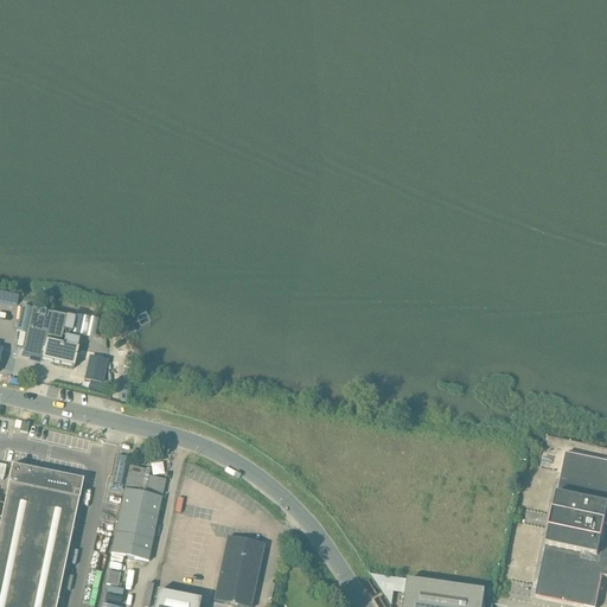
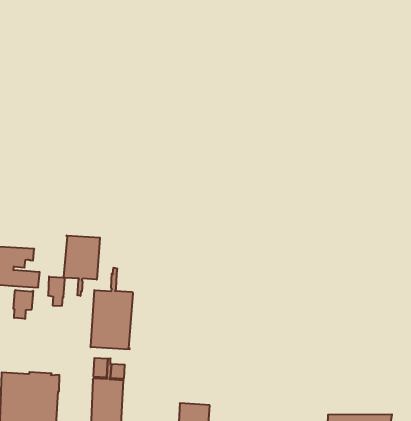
building: none -> [64,235,100,296]
building: none -> [91,268,133,349]
building: none -> [14,290,33,319]

